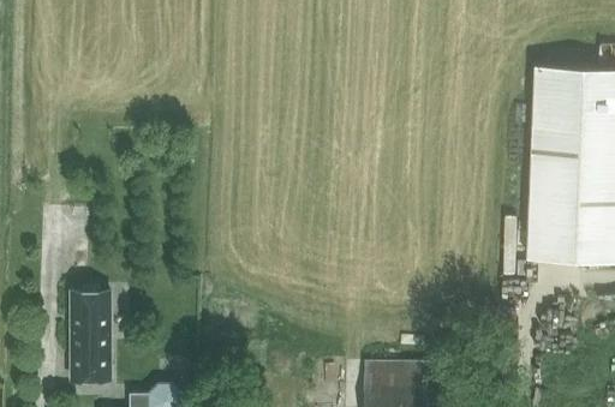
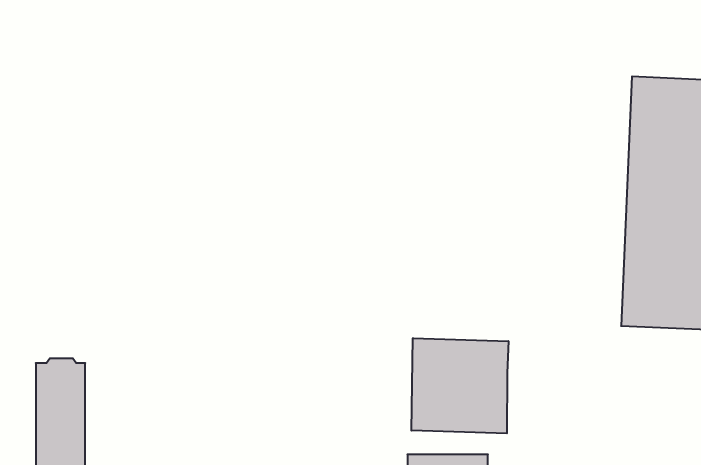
building: none -> [411,338,508,433]

